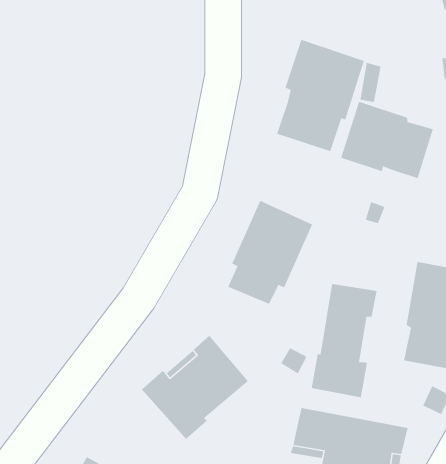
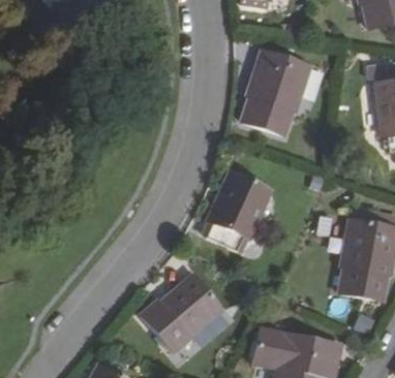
building: [340,101,434,179] -> none
building: [311,283,377,398] -> none

